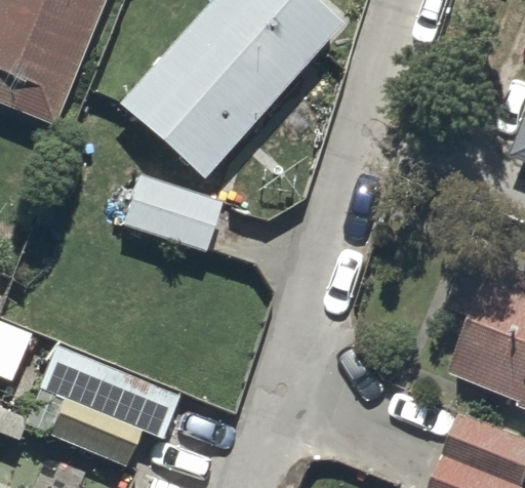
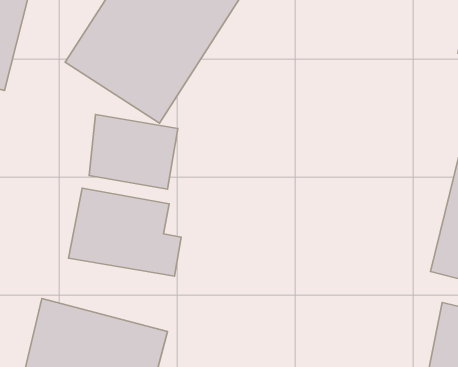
building: none -> [69,188,181,276]

